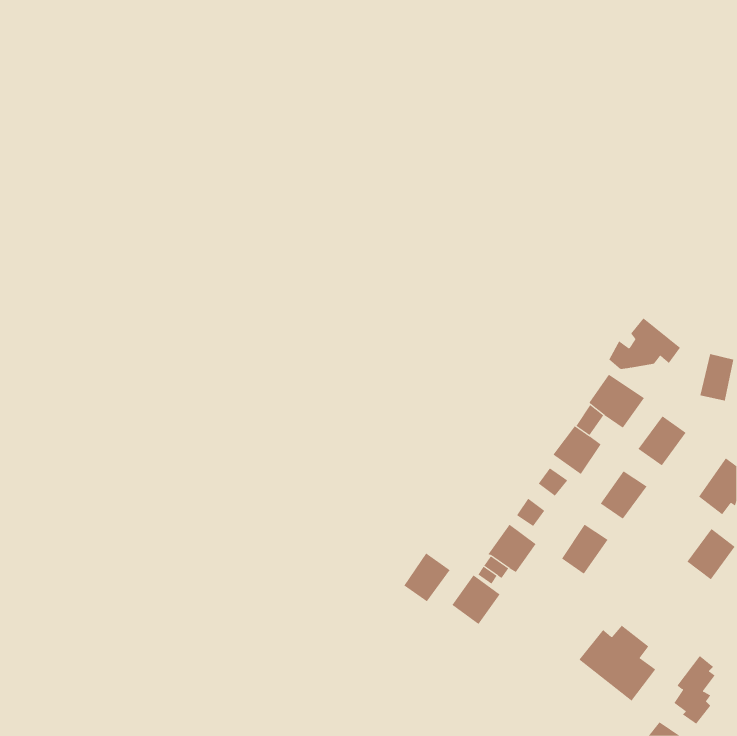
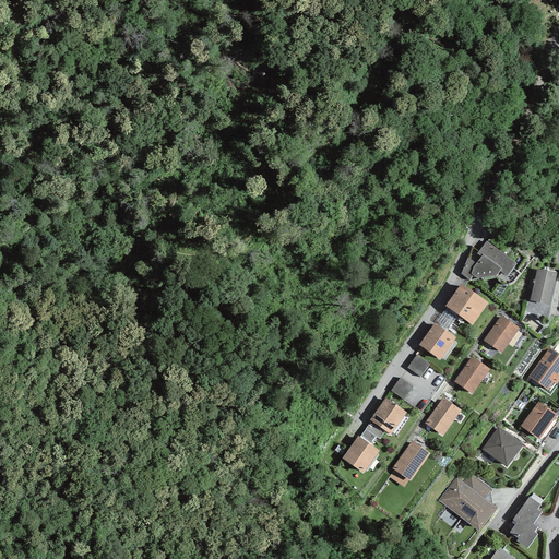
building: [404,552,451,602] -> none
building: none -> [481,426,523,466]
building: none -> [389,440,430,486]

